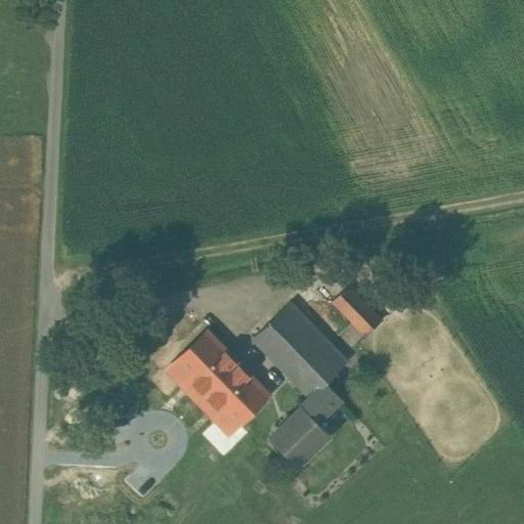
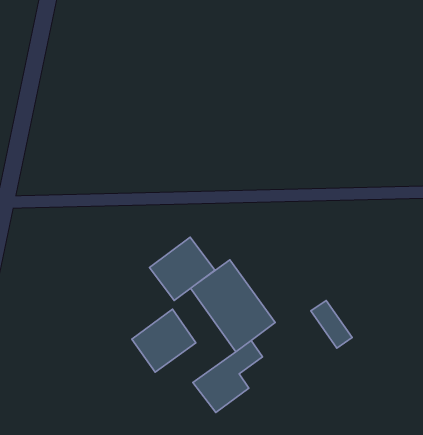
building: [334,289,381,337] -> [311,300,352,348]
building: [169,334,237,402] -> [150,237,215,300]

